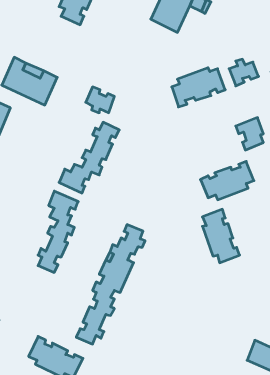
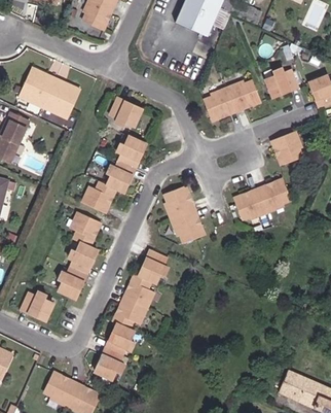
building: [202,209,240,263] -> [164,184,205,242]
building: none -> [23,287,53,315]

